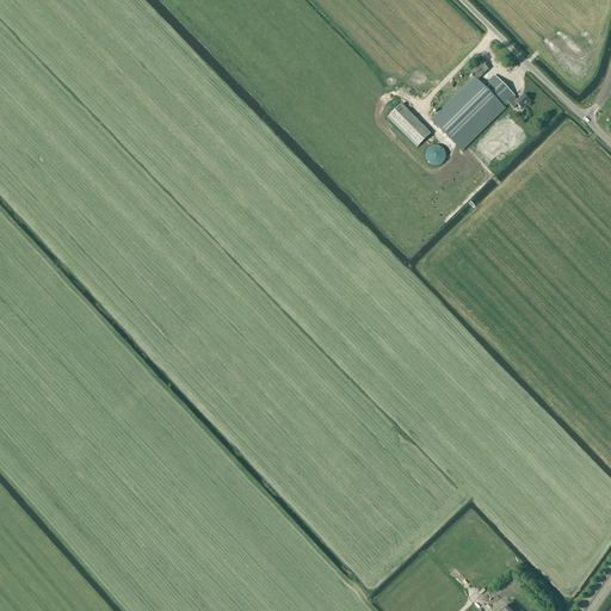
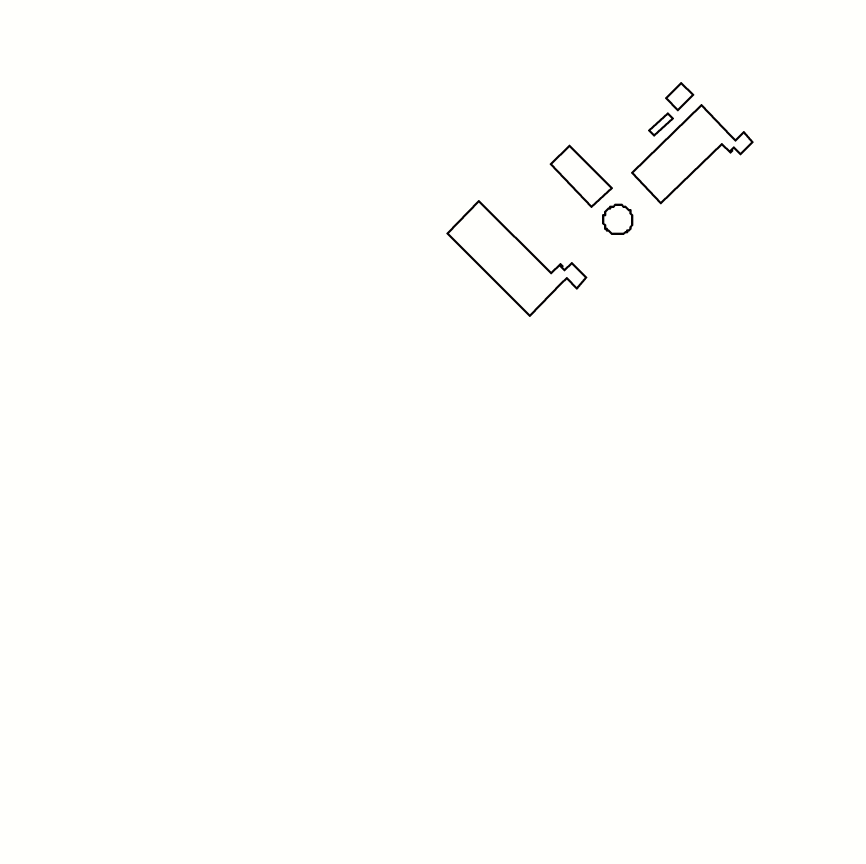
building: none -> [448,201,586,316]

